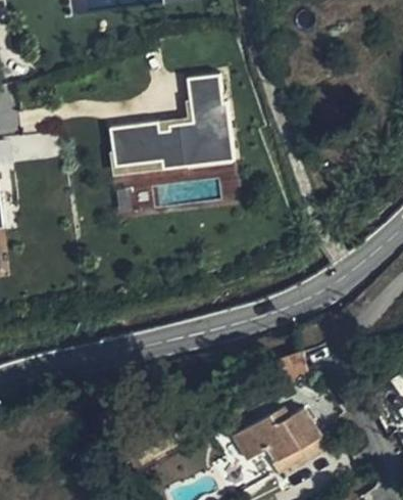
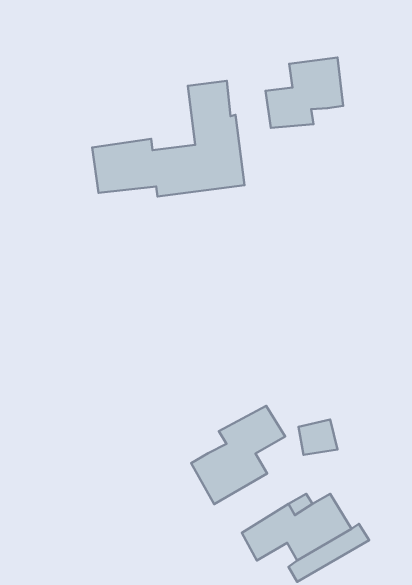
building: none -> [265,57,343,128]
building: none -> [191,406,285,504]

